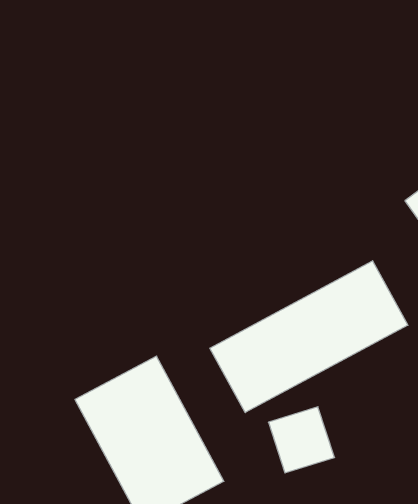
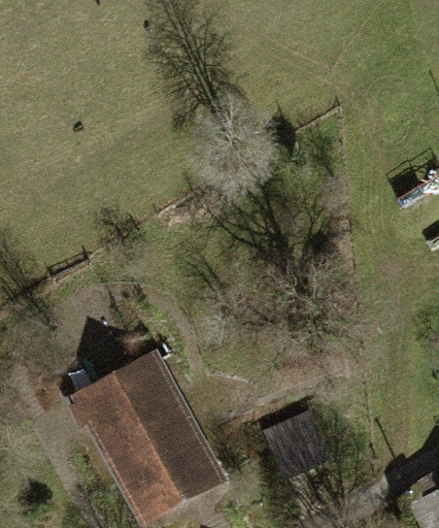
building: [210,261,408,413] -> none

